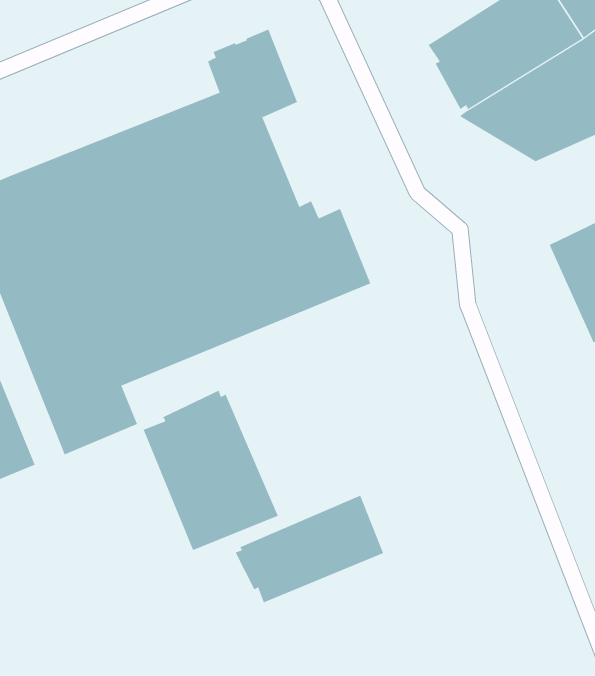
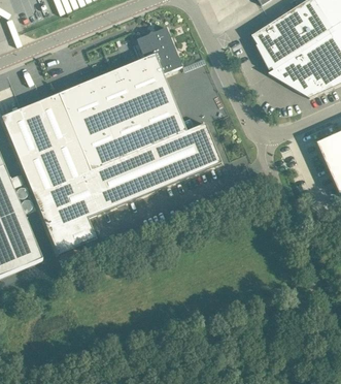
building: [142,390,279,551] -> none
building: [235,495,384,604] -> none

